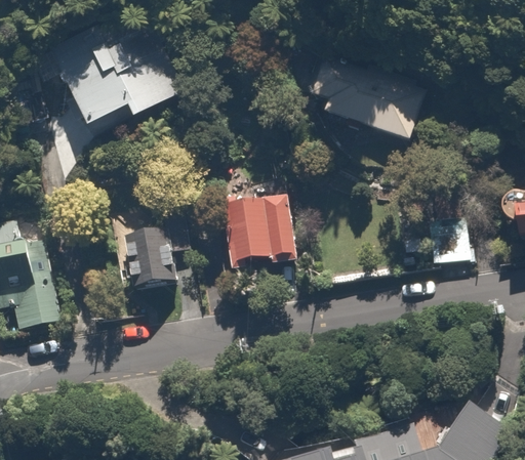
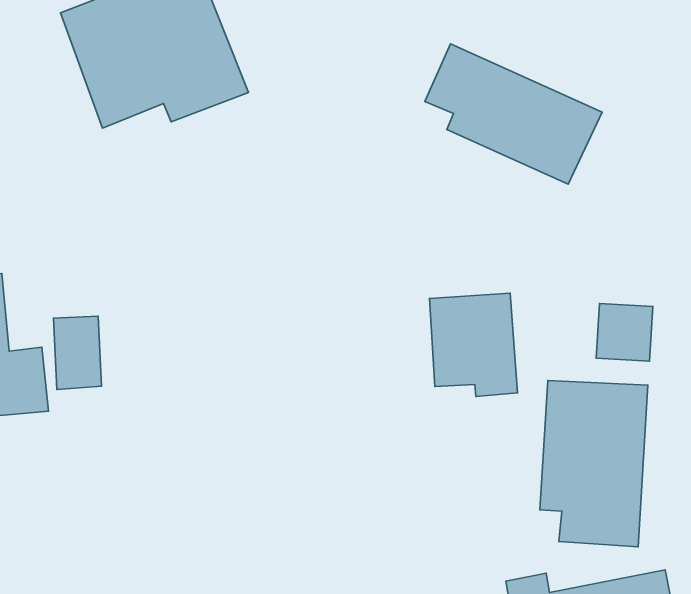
building: [234,193,298,265] -> [430,293,517,396]
building: [139,228,175,281] -> [54,316,101,389]
building: none -> [540,381,648,547]

